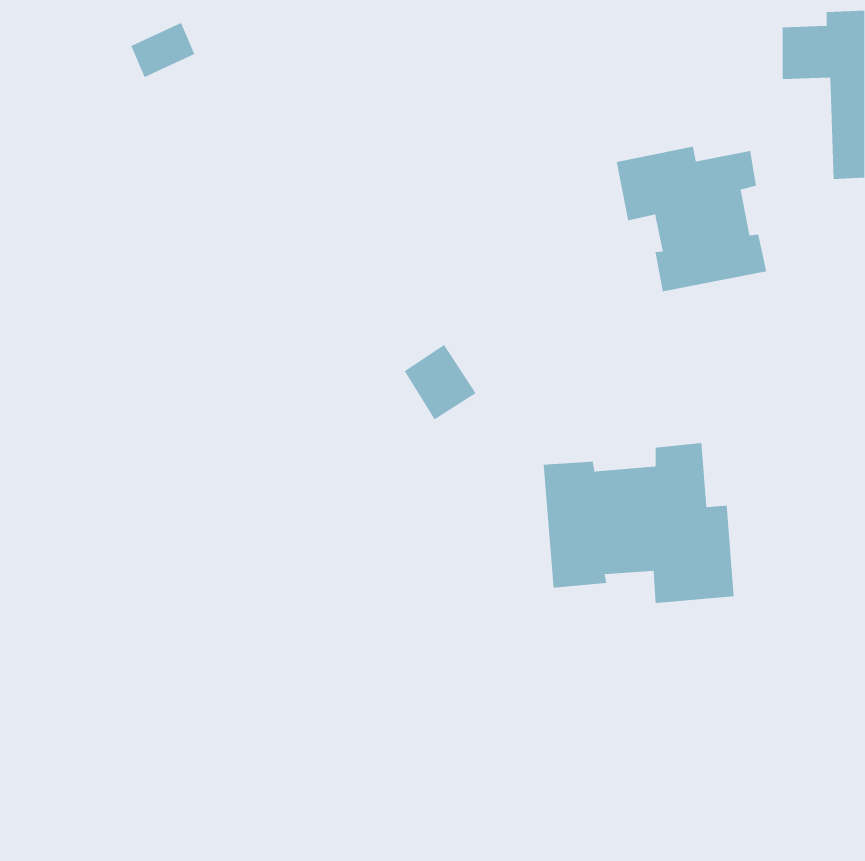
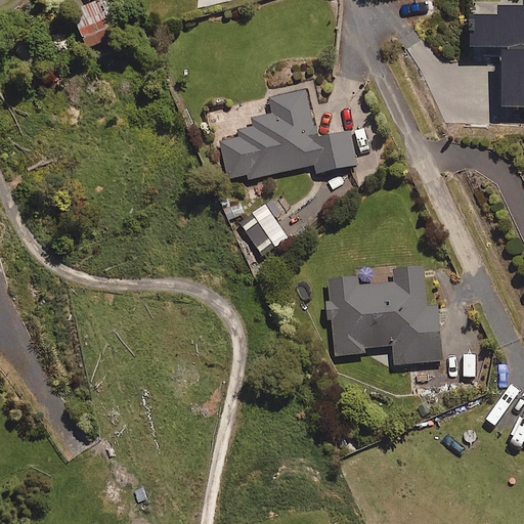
building: [616,146,767,292] -> none
building: none -> [220,89,358,178]

